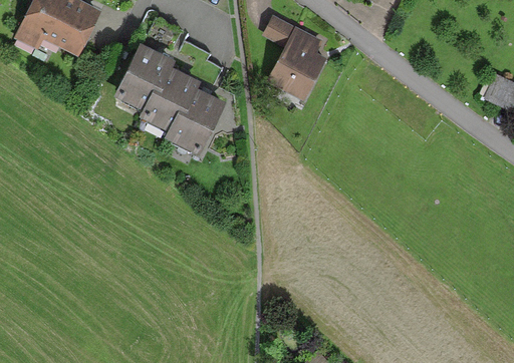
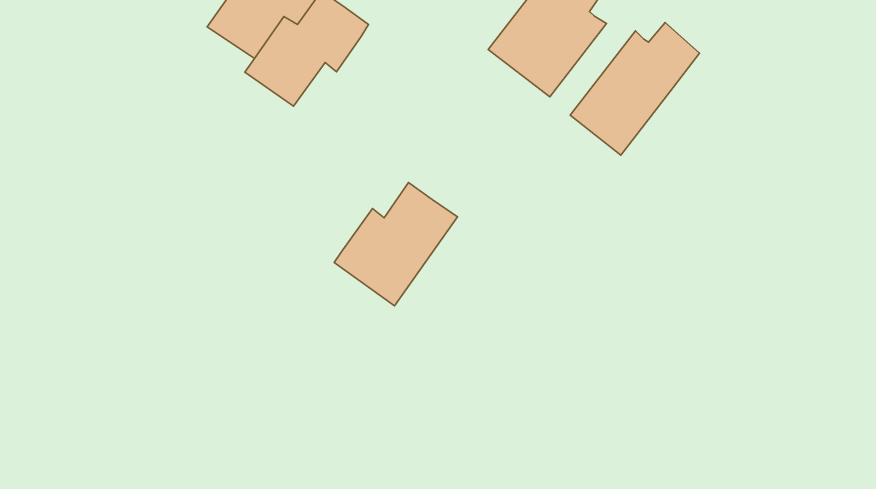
building: none -> [570,23,700,155]
building: [164,86,226,153] -> [334,183,457,306]

